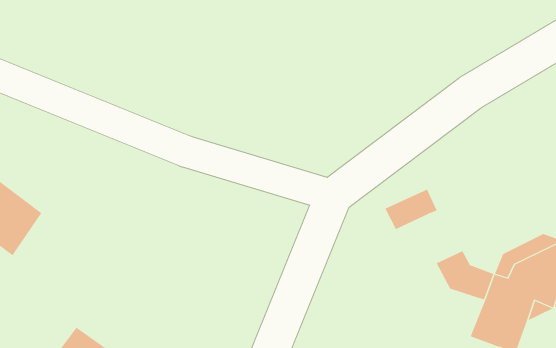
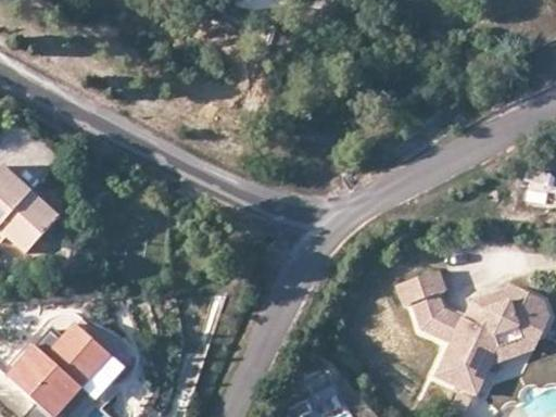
building: [385,189,437,230] -> [396,273,444,306]

